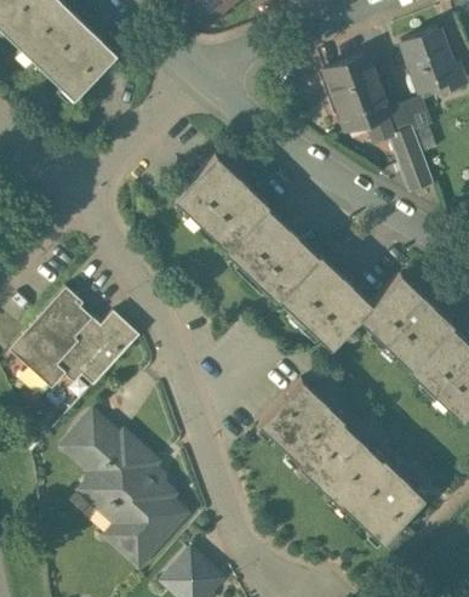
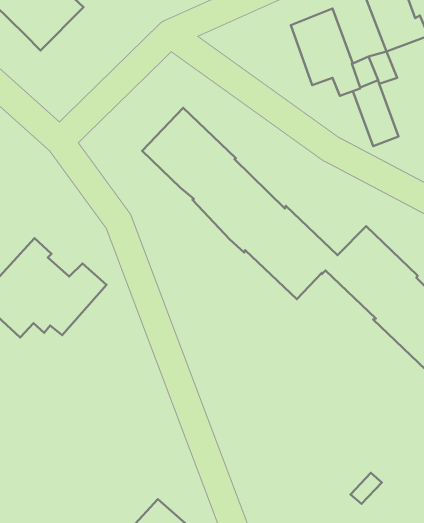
building: [259,381,425,542] -> none
building: [67,417,182,562] -> none

